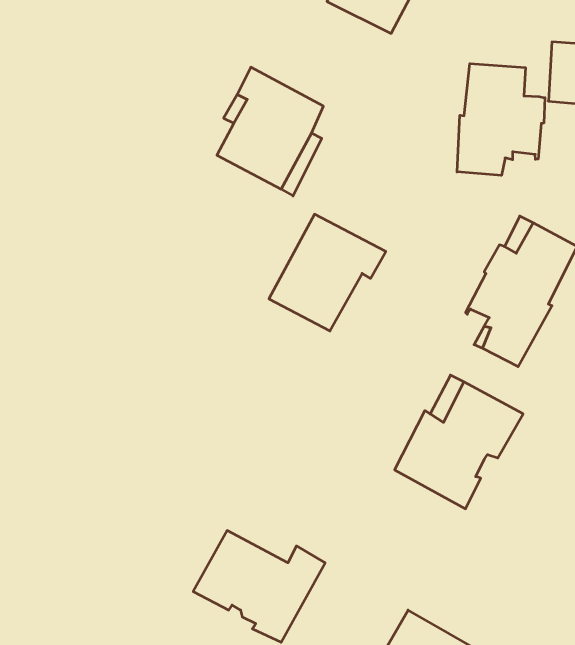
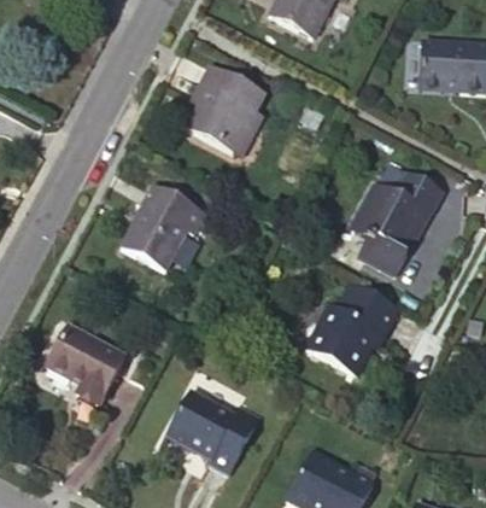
building: [457,64,545,175] -> none
building: [269,214,386,331] -> [121,188,204,271]
building: none -> [45,326,122,402]

